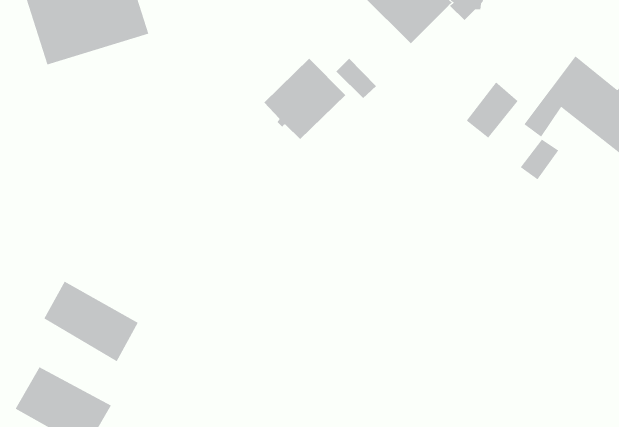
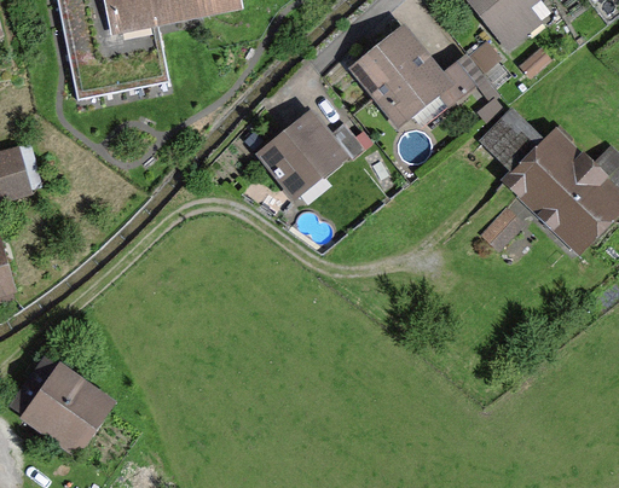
building: [466,82,519,139] -> [485,112,533,162]
building: [43,281,138,362] -> none

